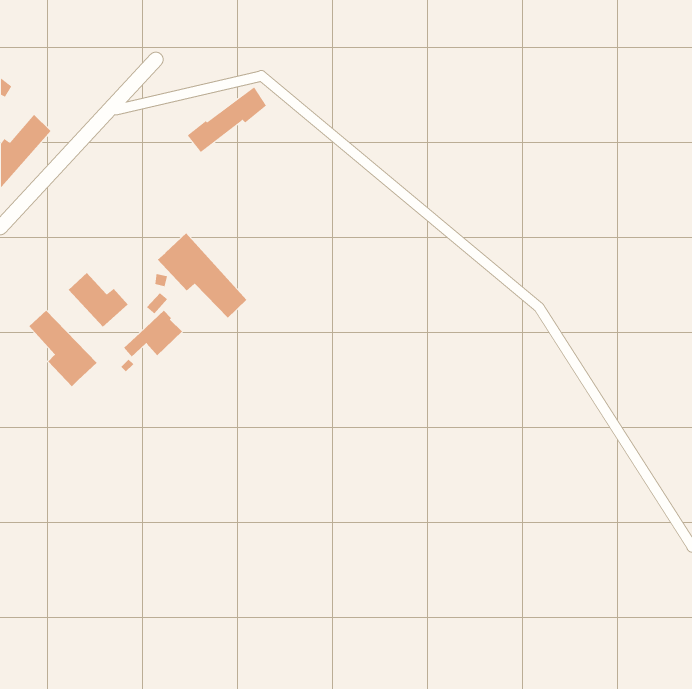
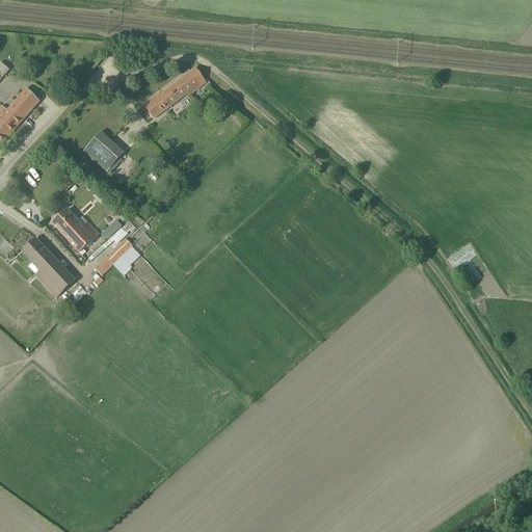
building: none -> [82,129,124,170]
building: [157,232,247,318] -> none

